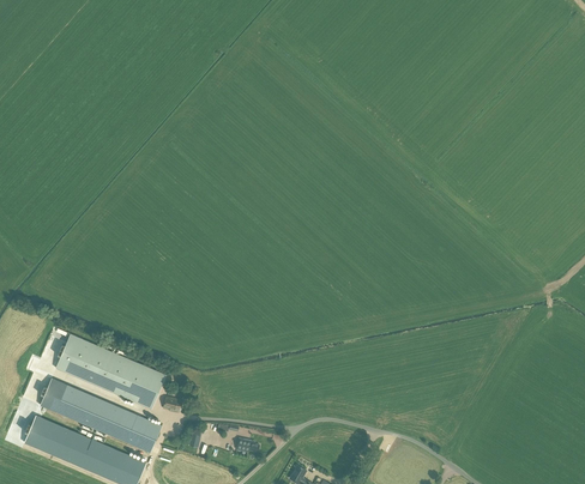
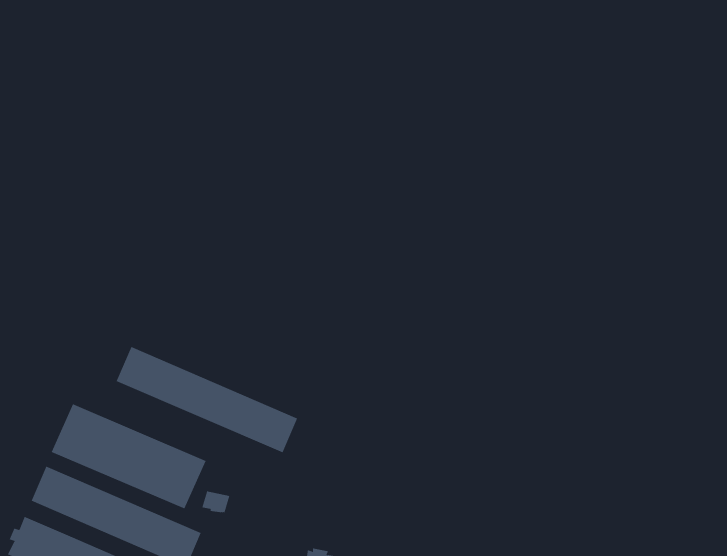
building: none -> [116,346,298,453]

